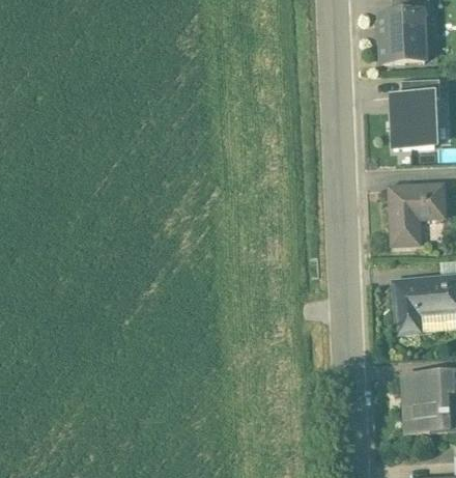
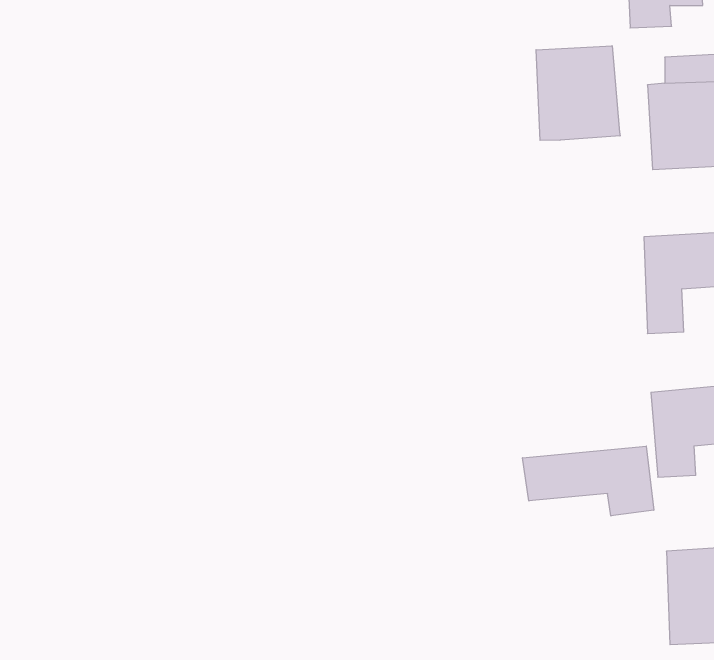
building: none -> [536,46,620,140]
building: none -> [523,446,654,516]

